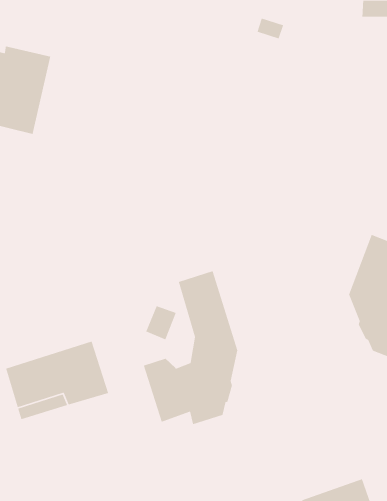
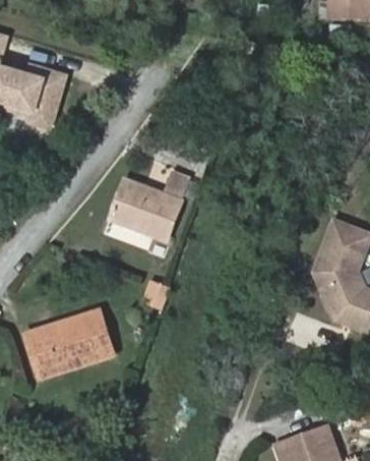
building: none -> [111,172,190,240]
building: [143,270,238,425] -> none

